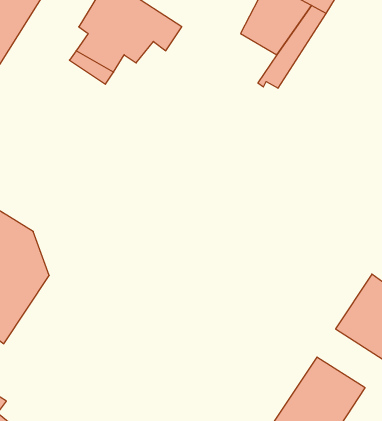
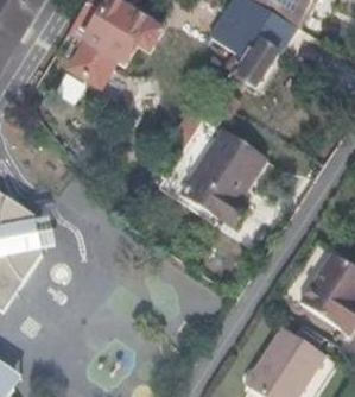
building: none -> [180,134,264,229]

